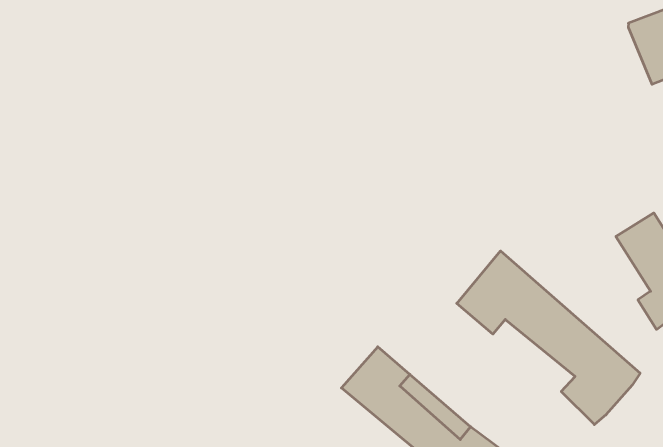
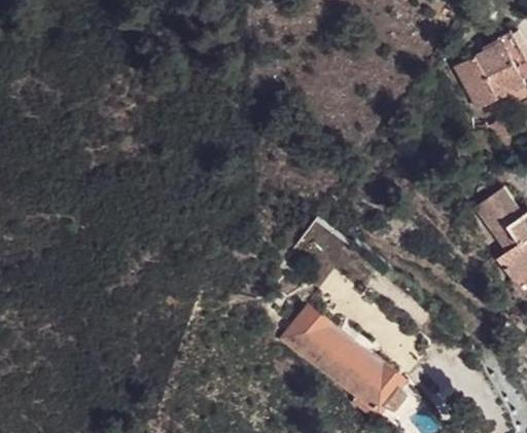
building: none -> [457,51,501,106]
building: [457,251,640,425] -> none

